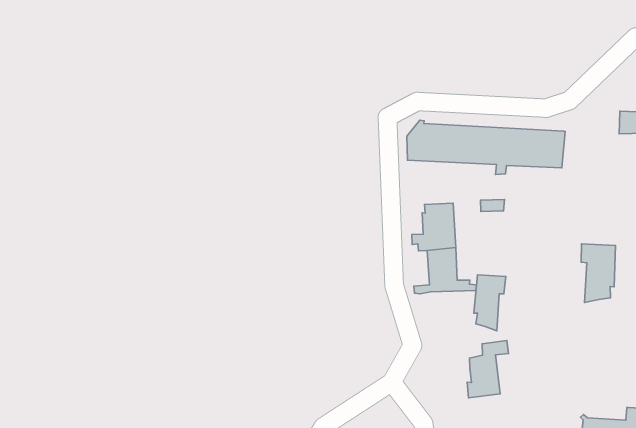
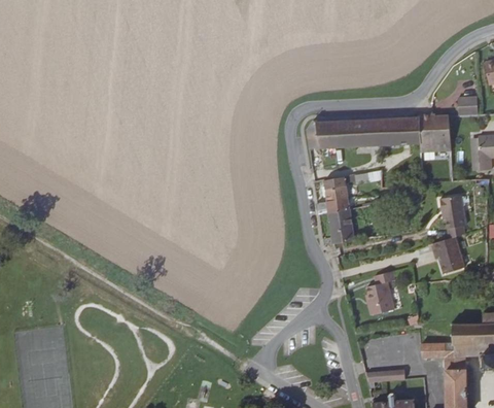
building: none -> [419,113,451,151]
building: [474,275,506,331] -> none
building: none -> [433,236,465,273]

